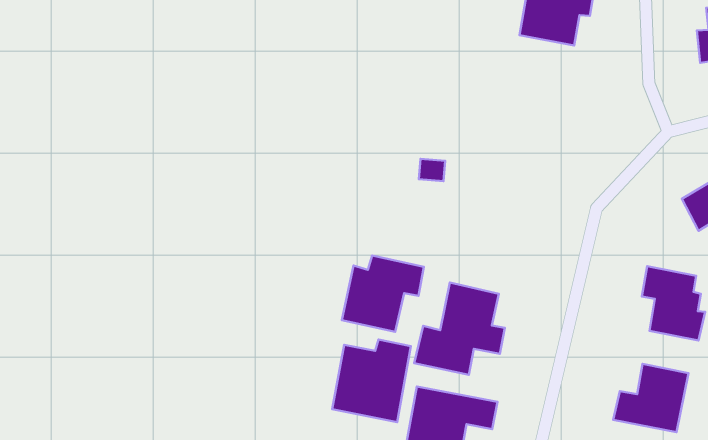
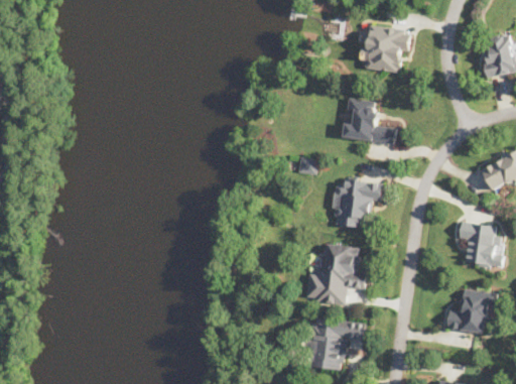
building: none -> [343,99,395,144]
building: [342,255,424,332] -> [329,177,382,229]
building: [332,340,411,422] -> none

